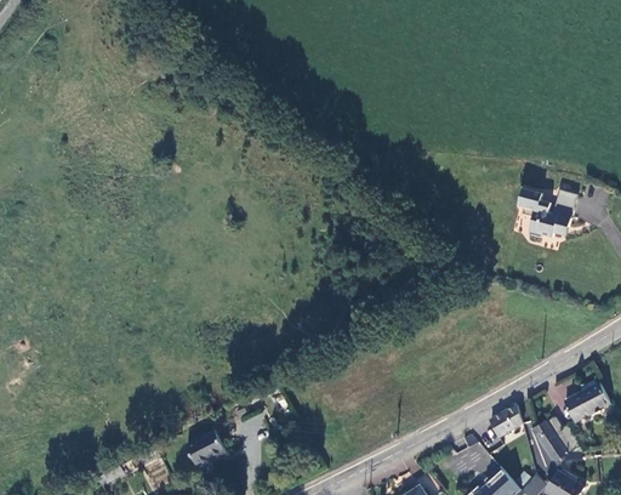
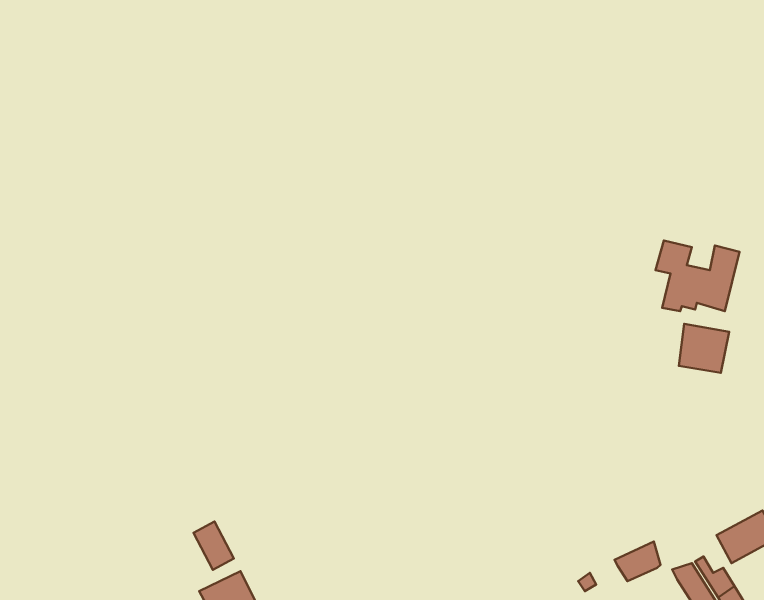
building: none -> [679,324,729,373]
building: none -> [193,522,234,570]

